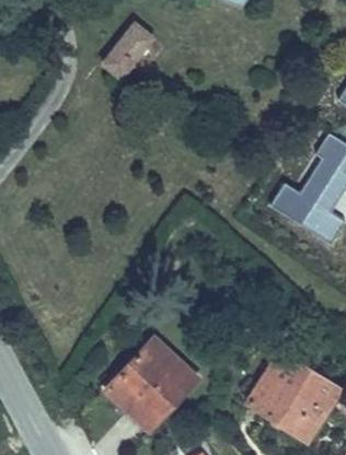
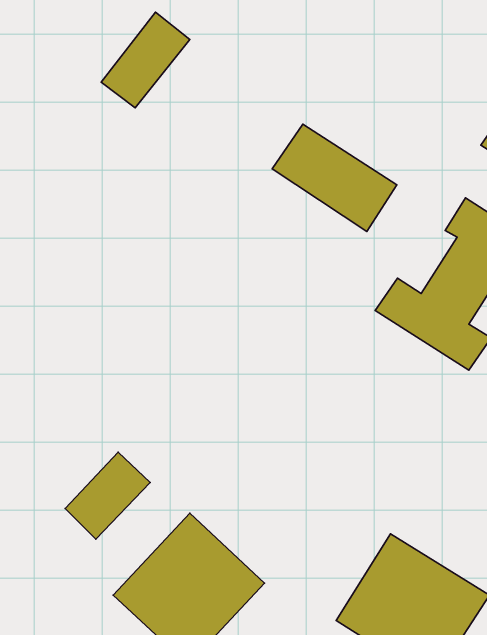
building: none -> [272,124,397,231]
building: none -> [65,452,150,539]

